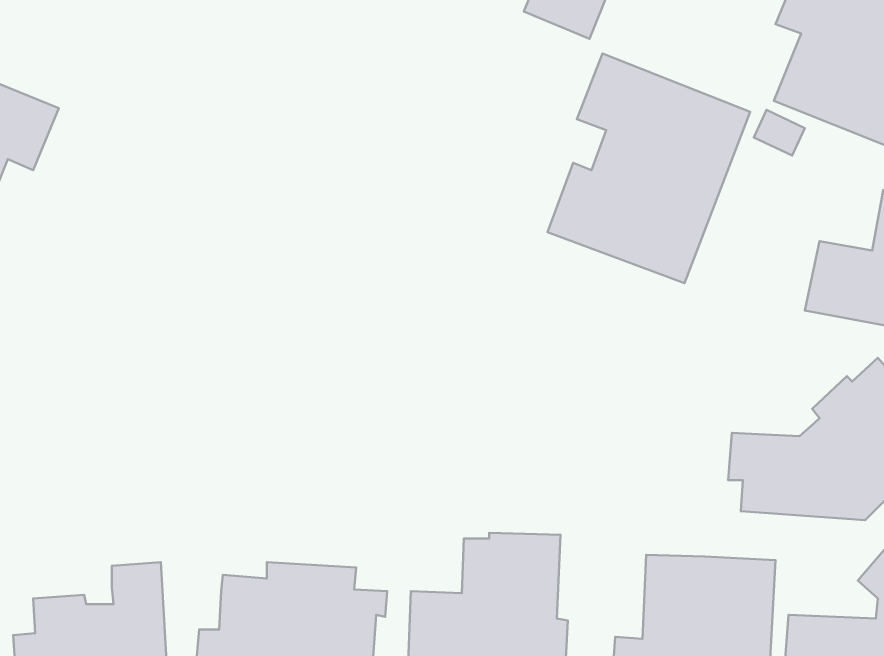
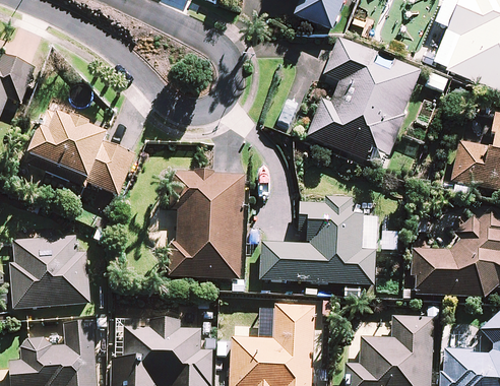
building: none -> [27,110,134,195]
building: none -> [170,171,245,279]
building: none -> [259,197,374,284]
building: none -> [10,236,89,309]

